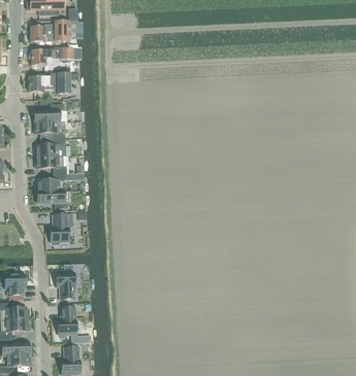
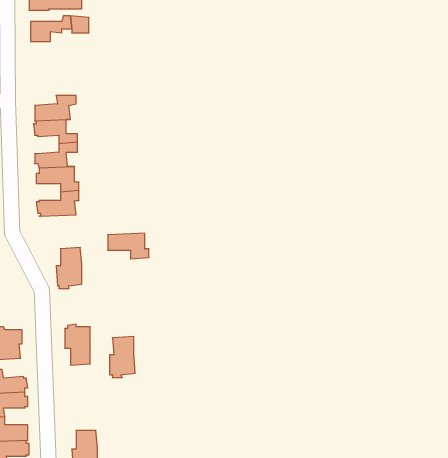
building: [29,72,70,93] -> none
building: [37,190,67,208] -> [108,233,149,259]
building: [58,306,76,336] -> [110,336,135,378]

